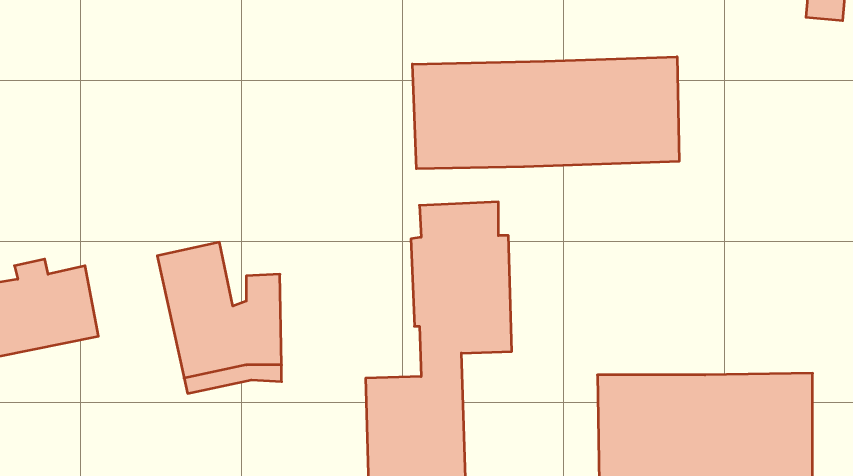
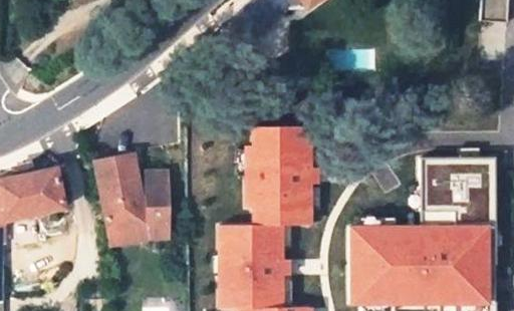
building: [412,57,679,169] -> none
building: none -> [424,158,496,234]

